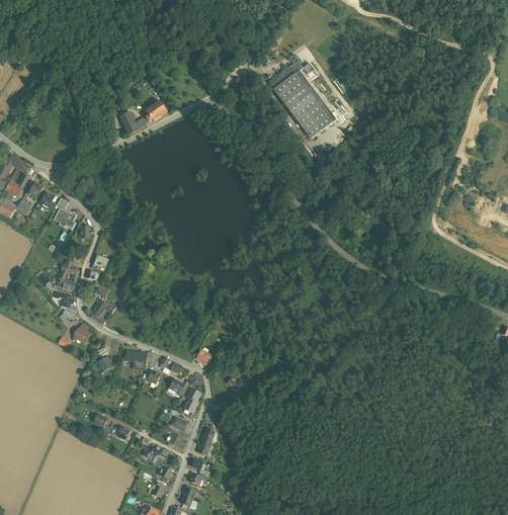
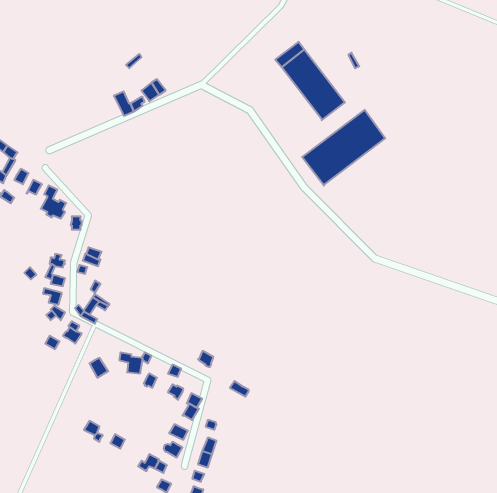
building: none -> [302,110,385,186]

